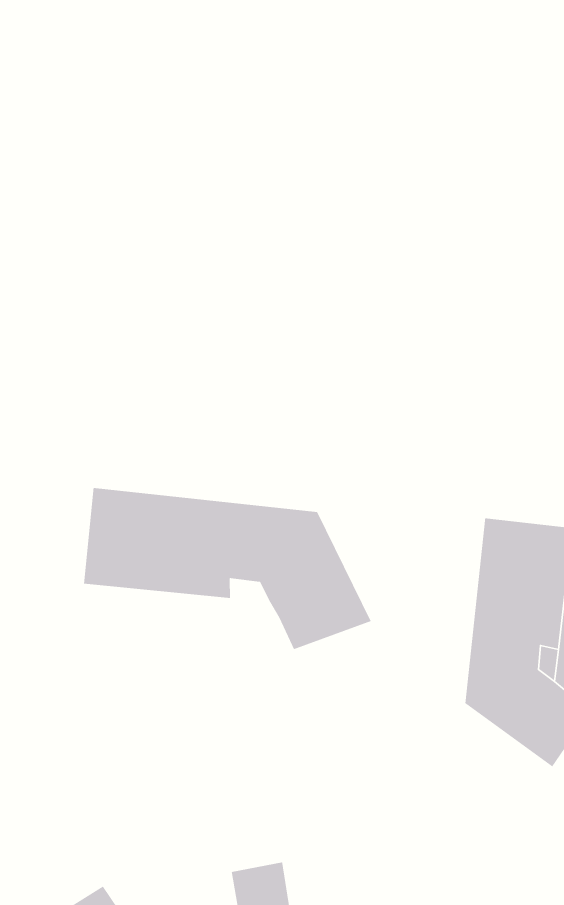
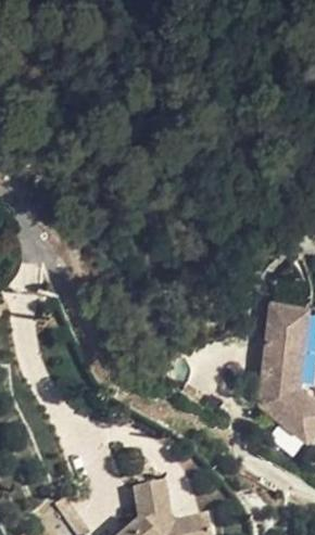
building: [83,487,372,650] -> none

